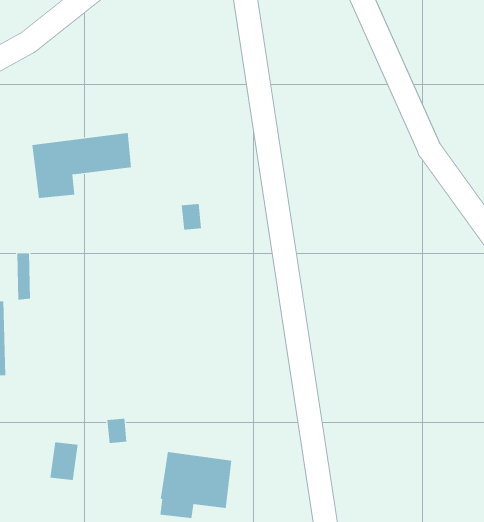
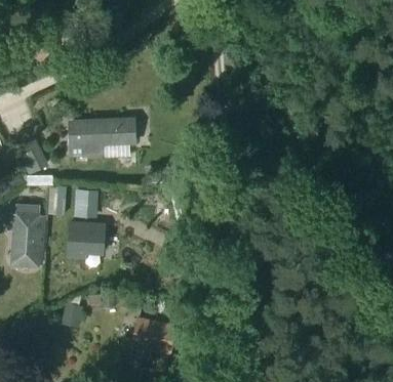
building: none -> [74,189,96,216]
building: none -> [66,220,105,259]

